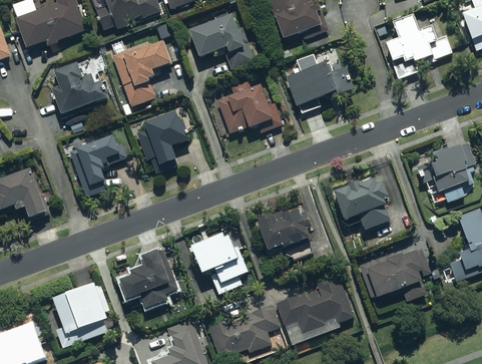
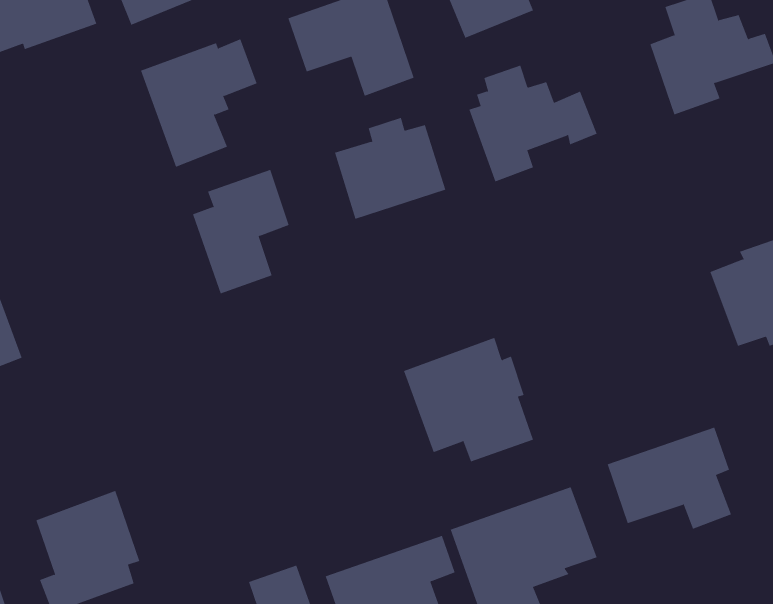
building: [51,62,106,114] -> none
building: [65,132,126,199] -> none
building: [335,175,391,230] -> none
building: [191,231,247,294] -> none
building: [119,248,169,307] -> none

